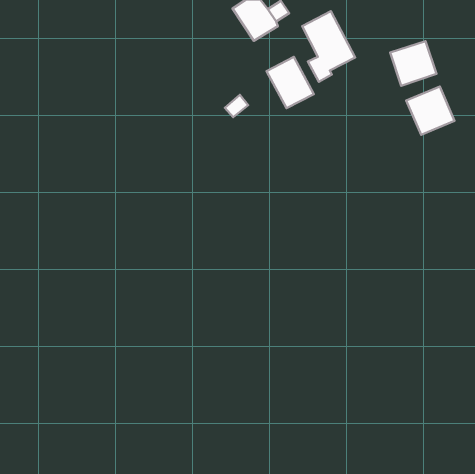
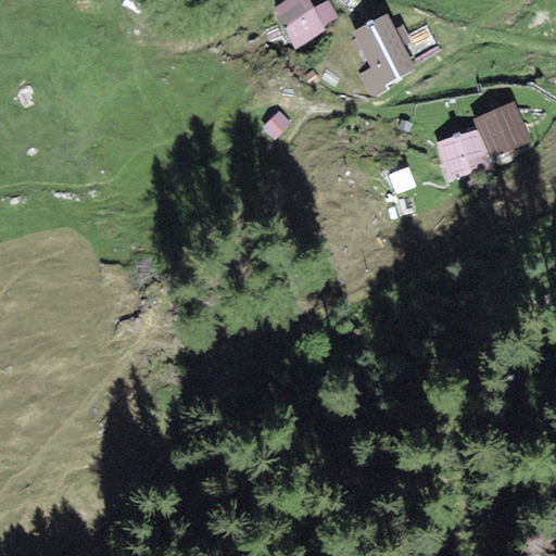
building: [390,41,437,86] -> [435,128,490,180]
building: [267,57,314,108] -> none

